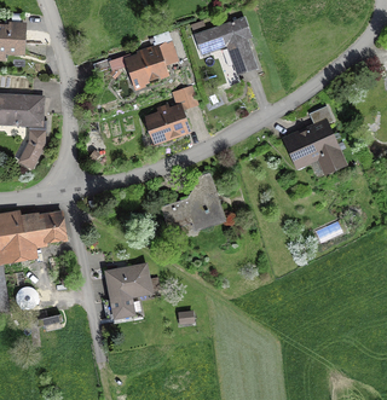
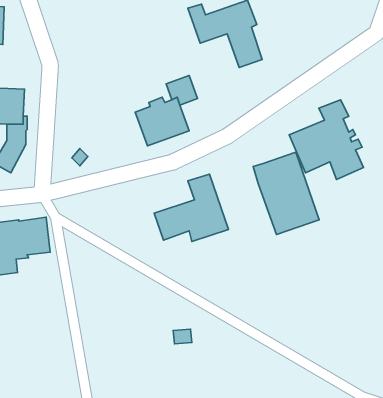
building: [93,30,179,91] -> none
building: none -> [253,152,319,234]
building: [104,262,161,320] -> none

